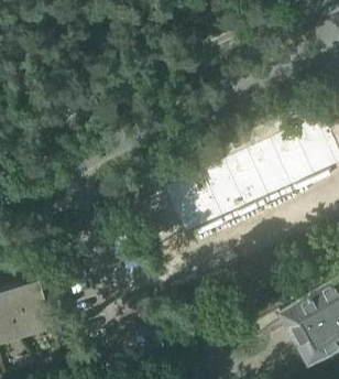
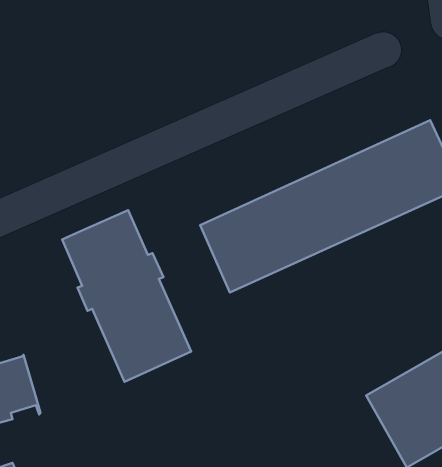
building: none -> [62,210,191,382]

